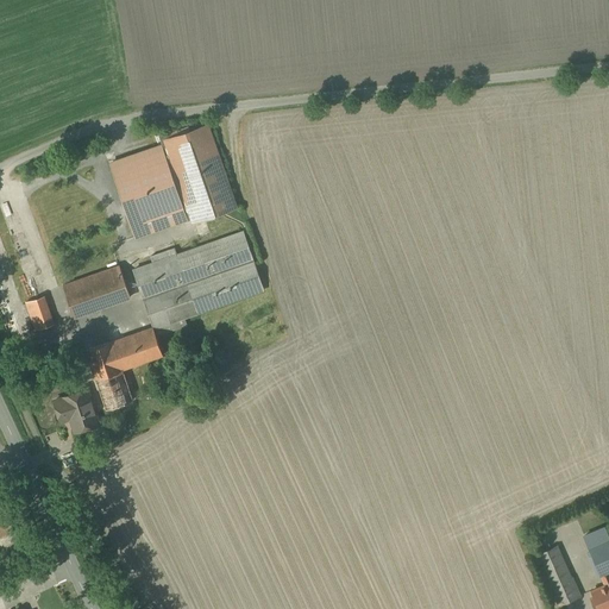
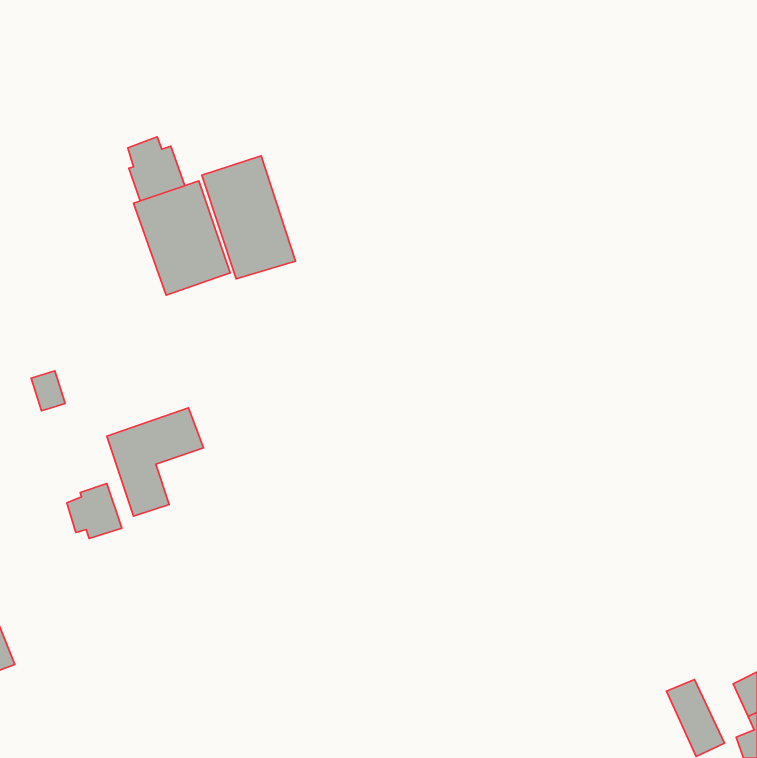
building: none -> [128,137,185,201]
building: [131,232,262,327] -> none
building: [63,268,130,318] -> none

